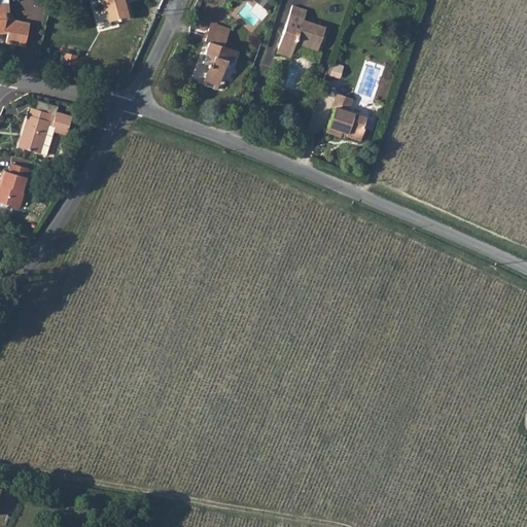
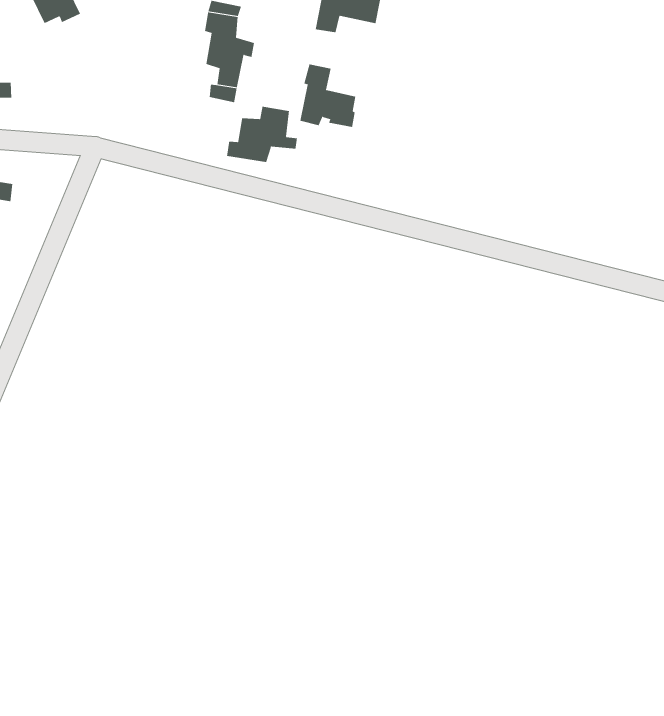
building: none -> [227,106,297,163]
building: [328,95,367,140] -> [299,64,356,127]

